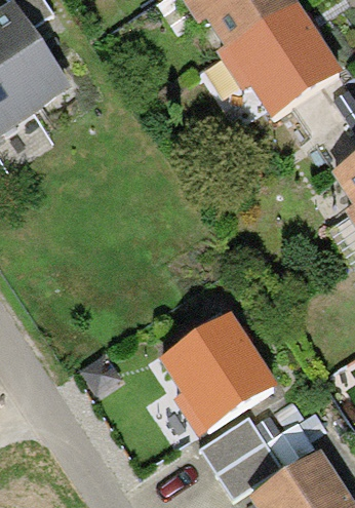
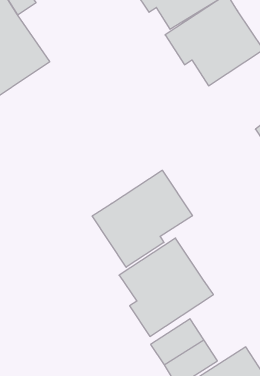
building: none -> [92,170,192,267]

